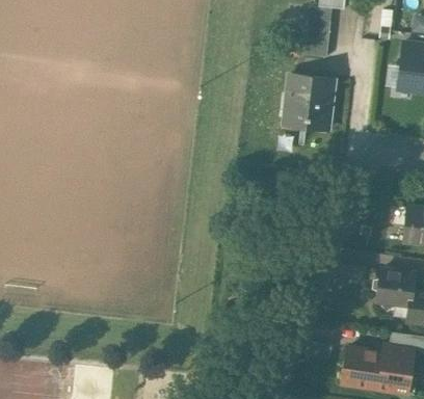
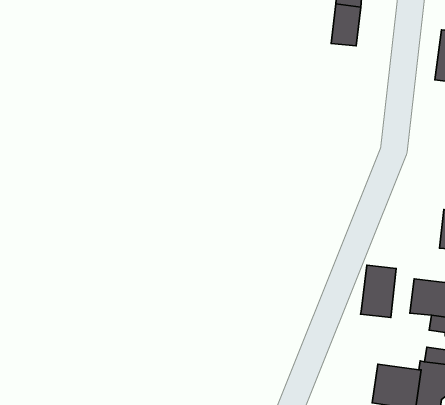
building: [283,76,334,132] -> none
building: none -> [361,265,396,318]

